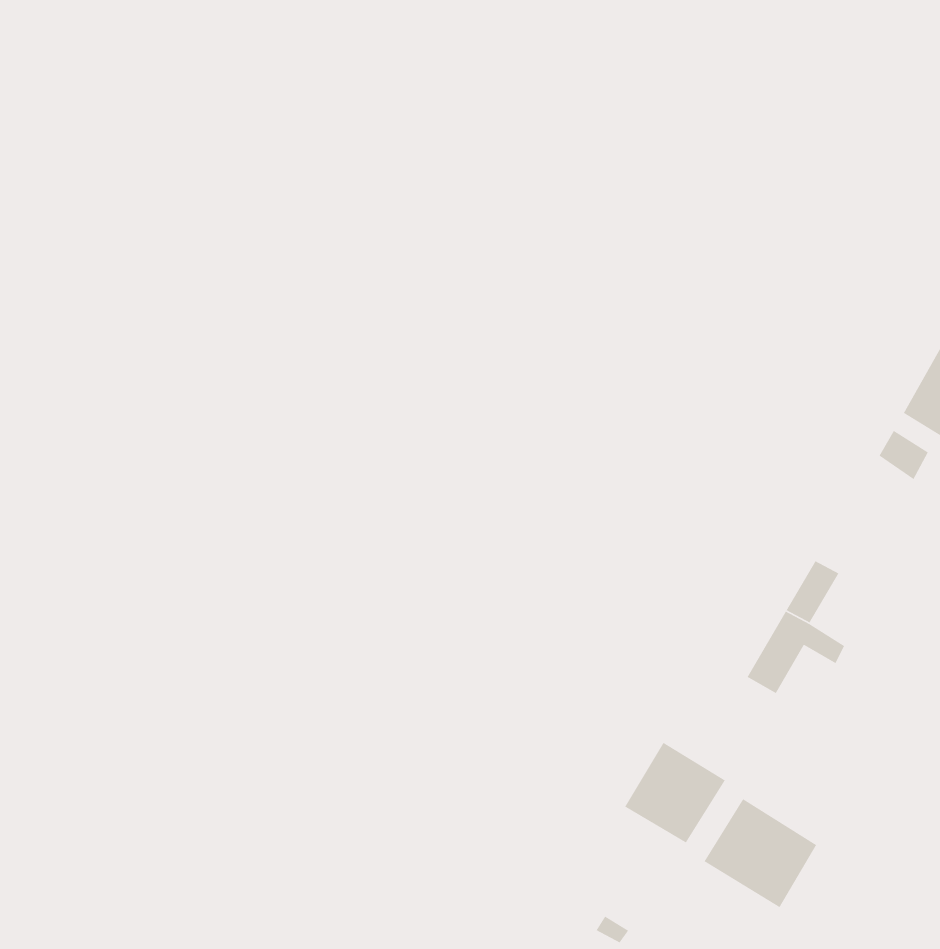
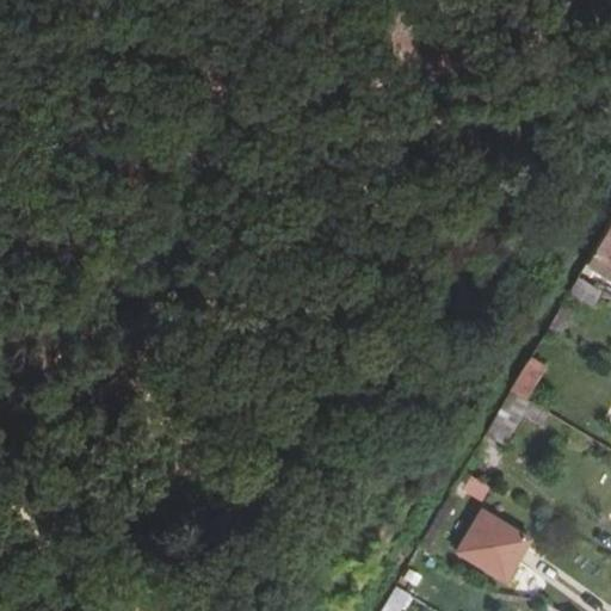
building: [624,742,726,843] -> none

